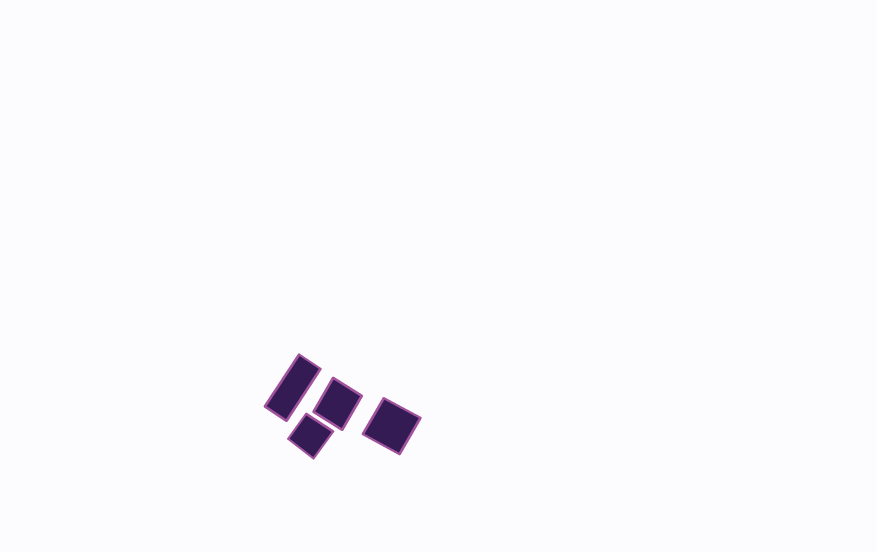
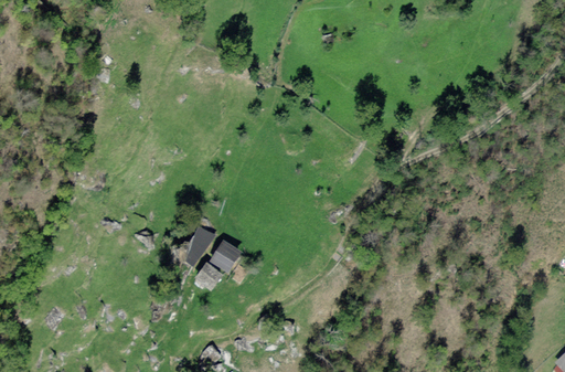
building: [363,398,420,454] -> none

